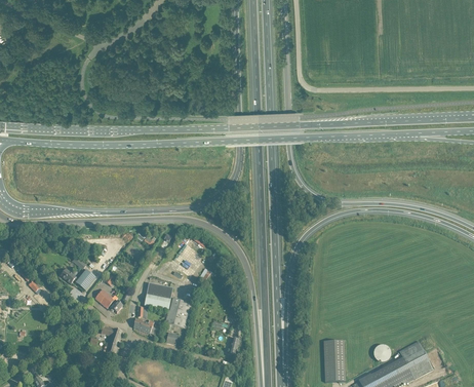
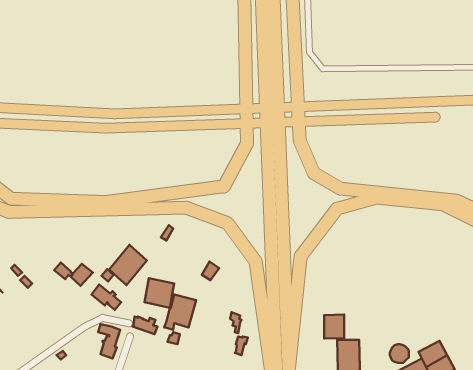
building: none -> [109,245,147,285]
building: none -> [324,315,344,339]

